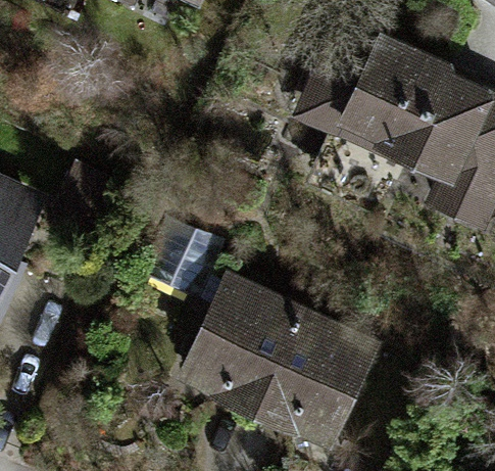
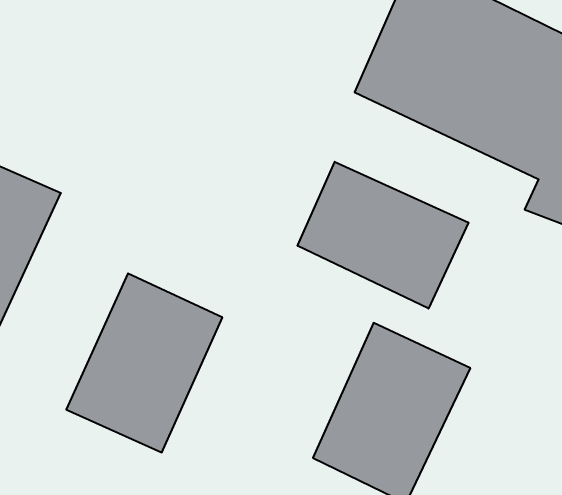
building: none -> [298,162,468,309]
building: [177,267,303,412] -> [66,273,222,452]

